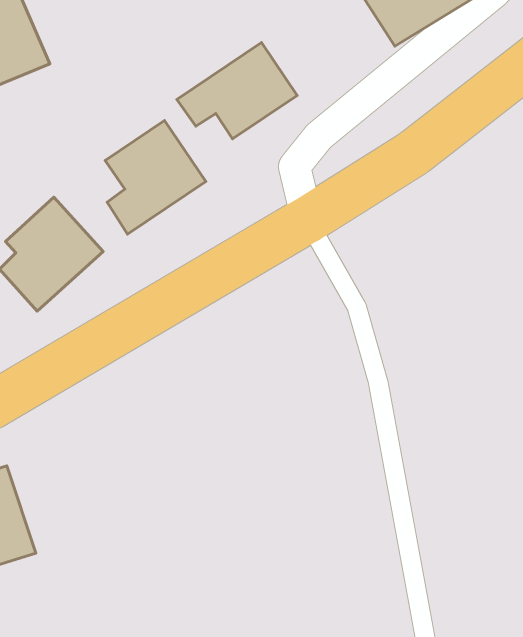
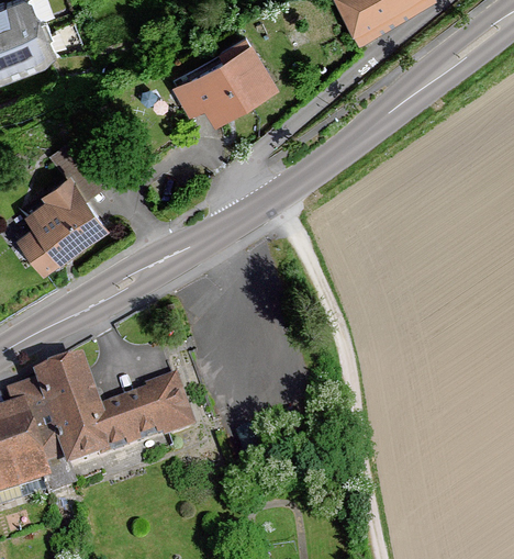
building: [105,120,206,234] -> none
building: none -> [29,362,189,472]

